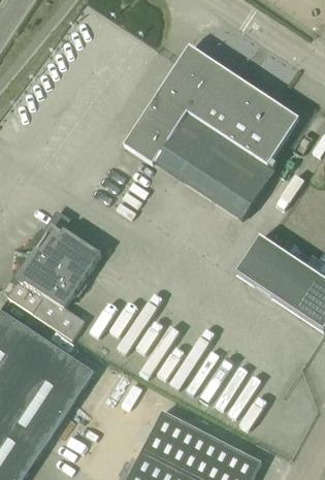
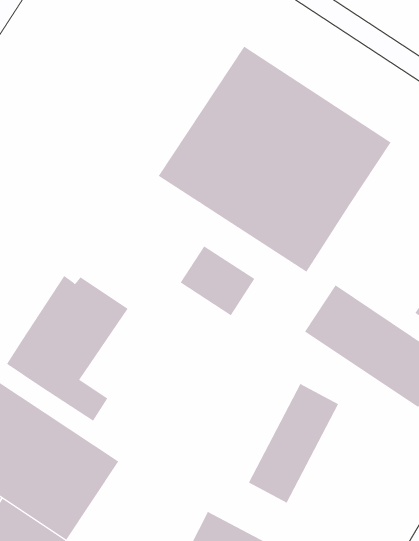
building: none -> [180,246,255,316]
building: none -> [248,383,339,503]

